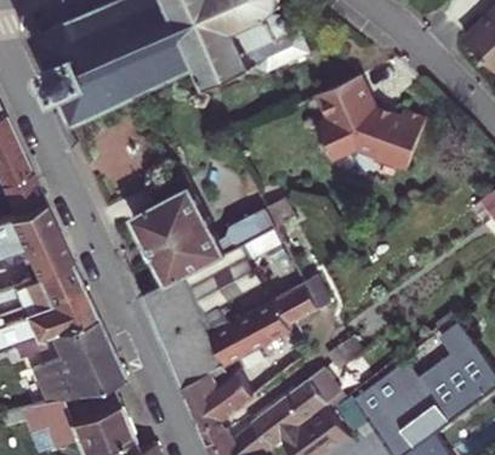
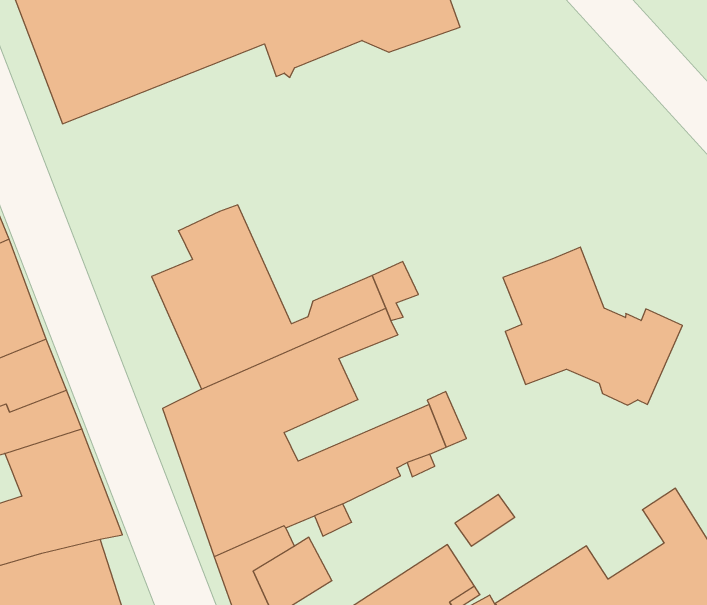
building: [314,74,426,169] -> [503,247,682,405]

